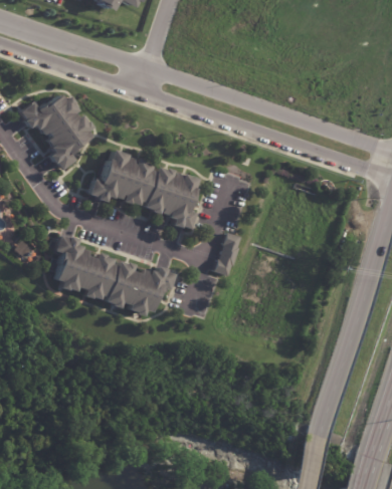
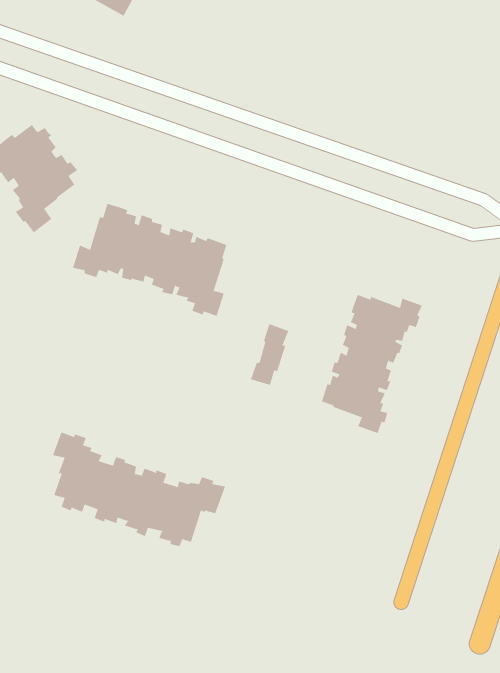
building: none -> [321,294,422,434]
building: [53,235,175,315] -> [52,432,226,547]

